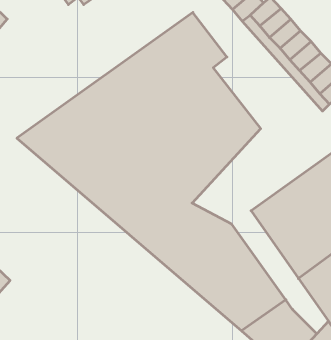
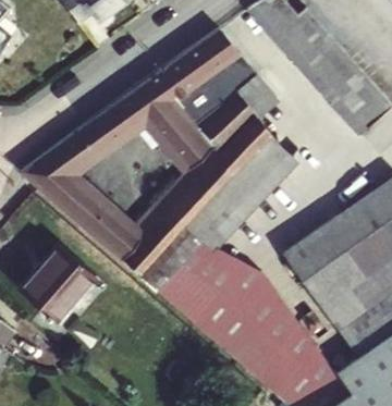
building: none -> [21,243,98,320]

